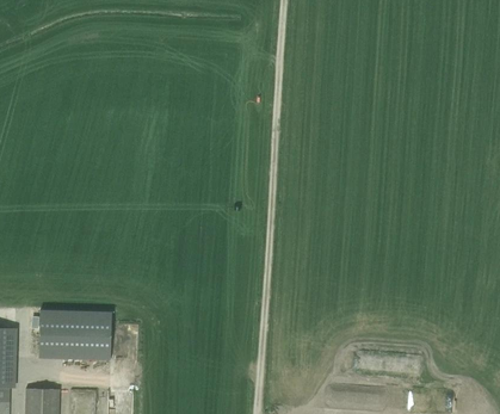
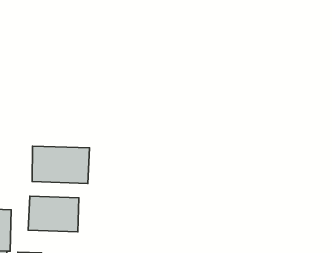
building: none -> [32,146,90,184]

